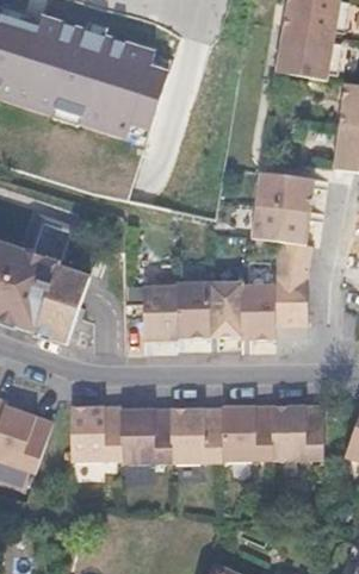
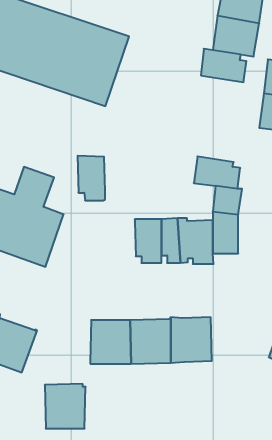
building: [256,171,314,213] -> [201,49,246,82]
building: [144,286,179,342] -> [78,156,105,200]
building: [273,405,324,461] -> none
building: [72,406,123,462] -> [45,384,86,429]

